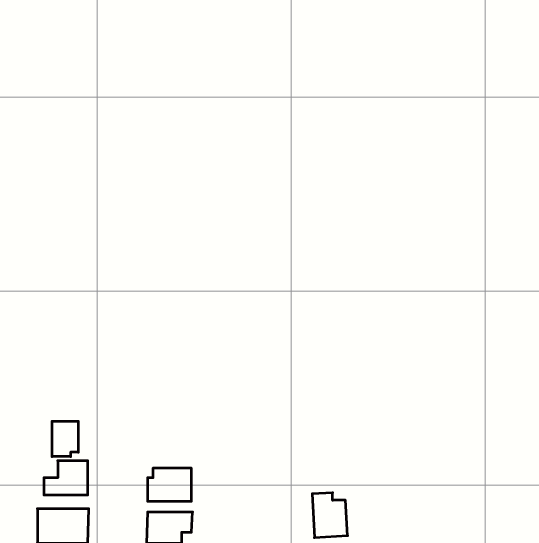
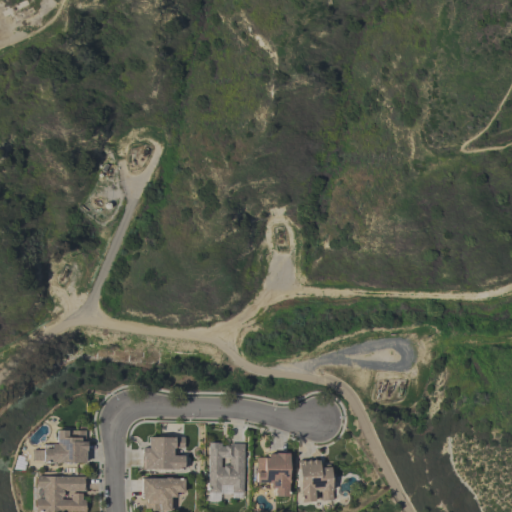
building: [52,421,78,457] -> none
building: none -> [209,444,244,500]
building: none -> [256,455,289,497]

